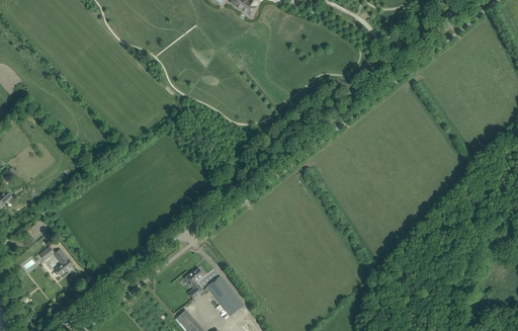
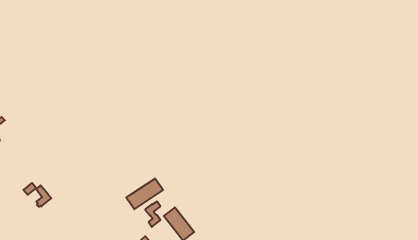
building: none -> [126,178,163,209]

